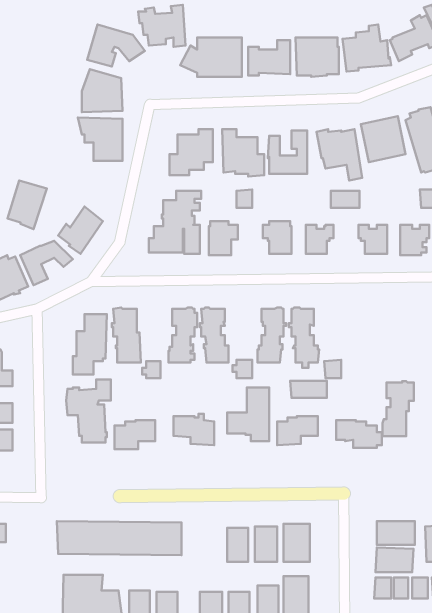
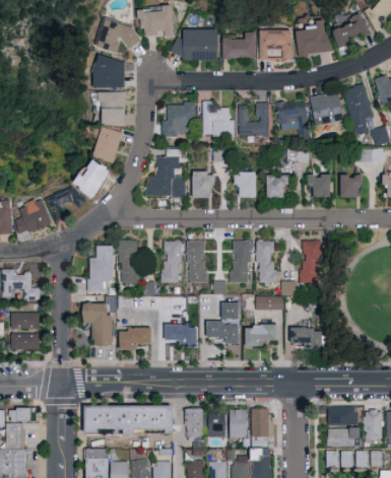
building: [7,181,47,229] -> [93,127,124,164]
building: [382,381,414,436] -> [300,240,324,282]
building: none -> [184,408,202,436]

